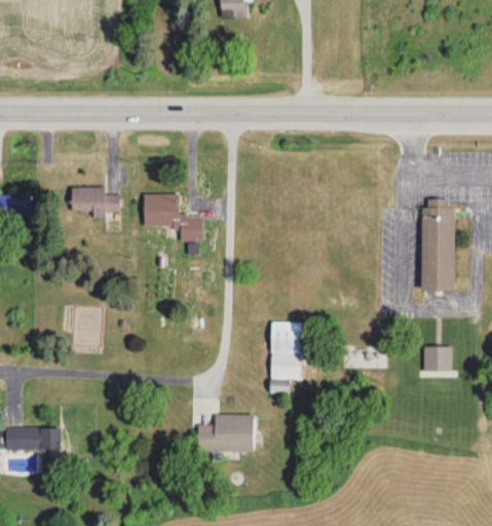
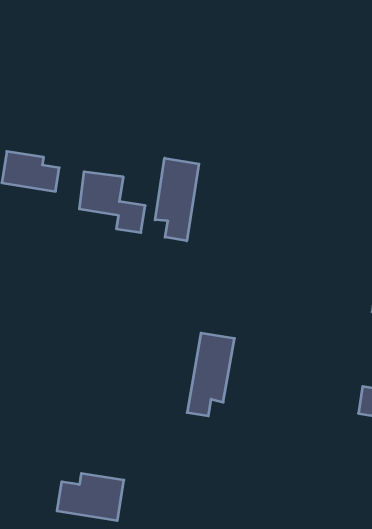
building: none -> [155,158,199,241]
building: [198,414,254,451] -> [57,473,124,521]

